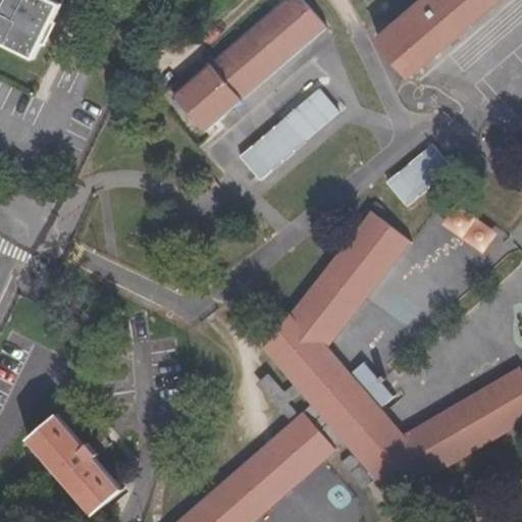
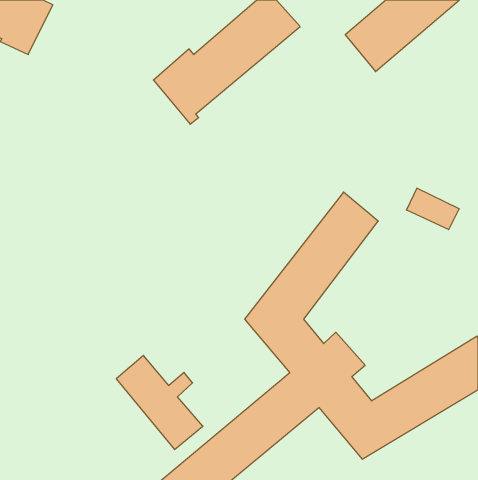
building: [238,89,340,185] -> none
building: [384,143,453,207] -> none
building: [28,413,121,515] -> [116,355,203,450]

